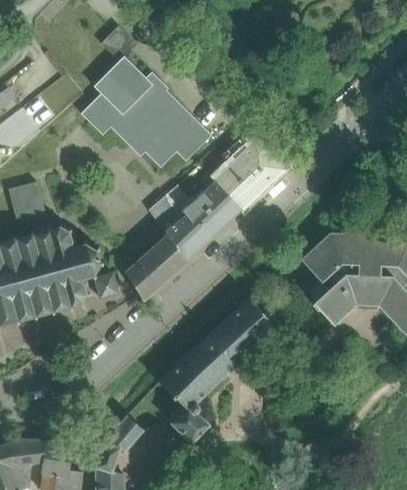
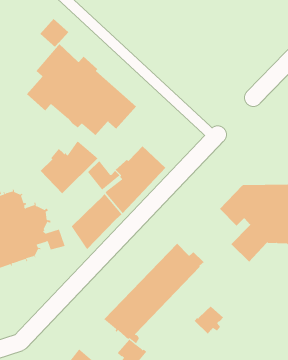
building: [213,140,284,209] -> none
building: none -> [40,141,99,194]
building: none -> [194,306,224,334]

